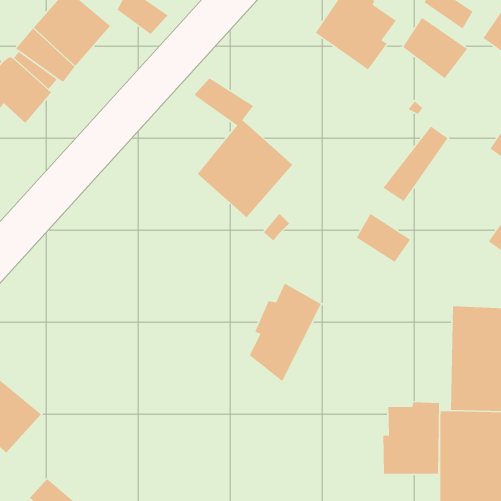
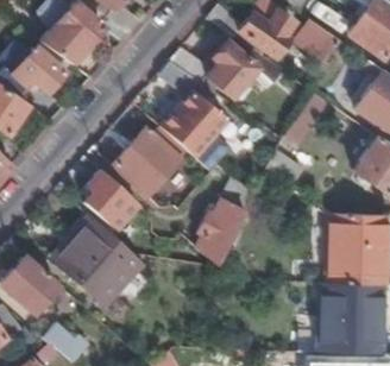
building: none -> [170,37,284,97]
building: none -> [115,130,180,194]
building: none -> [86,171,138,229]
building: none -> [55,216,141,305]
building: [383,402,440,474] -> none

